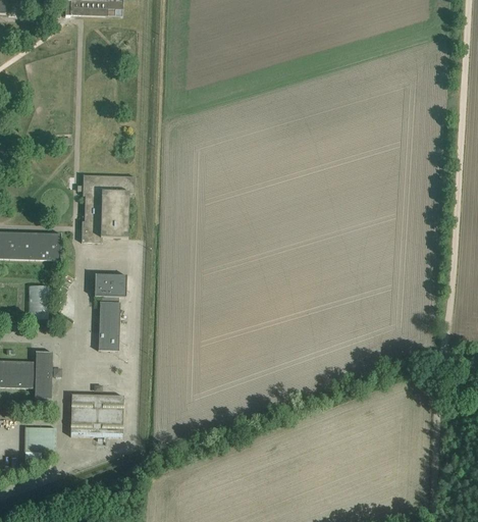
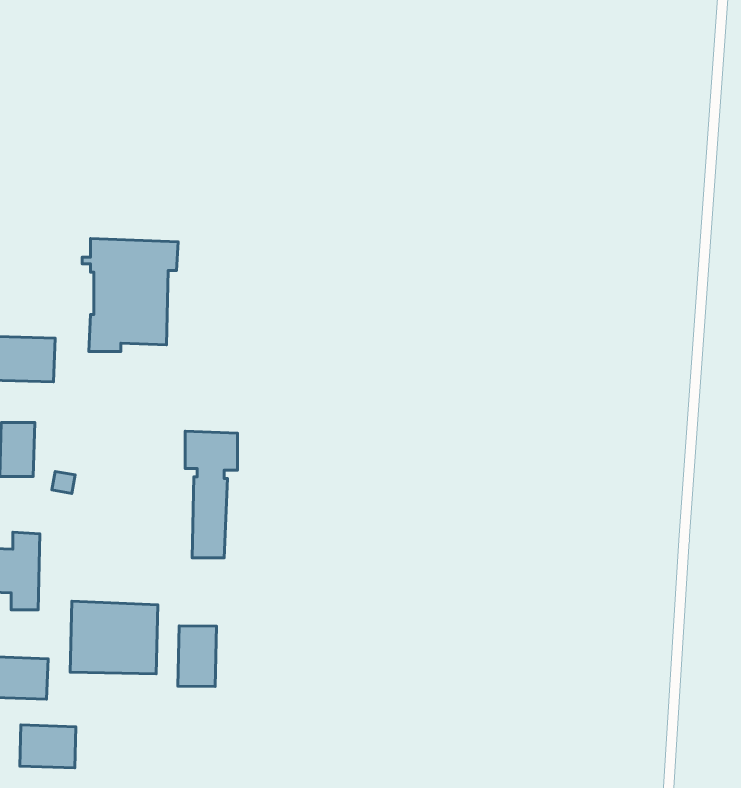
building: [94,272,125,349] -> [185,431,238,558]
building: none -> [178,626,217,687]
building: none -> [20,725,76,768]

